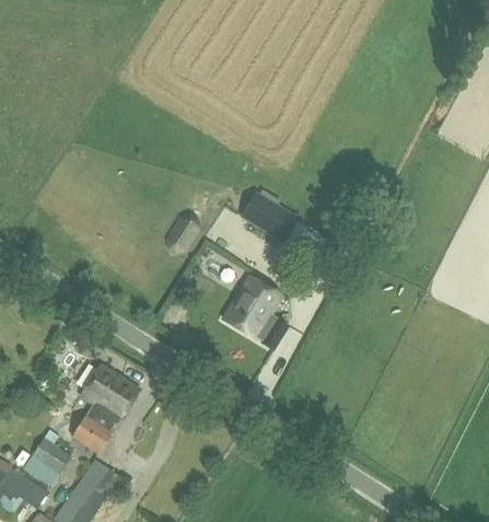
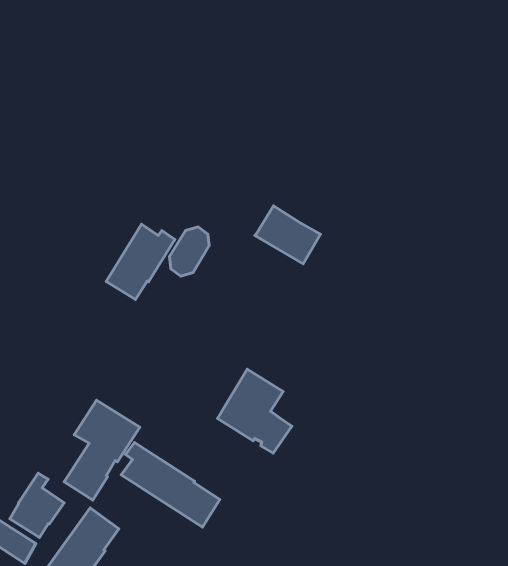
building: none -> [106,224,175,299]
building: [222,275,288,349] -> [217,369,292,453]
building: none -> [121,443,220,527]

